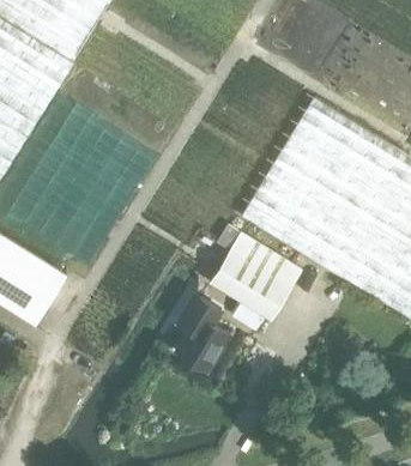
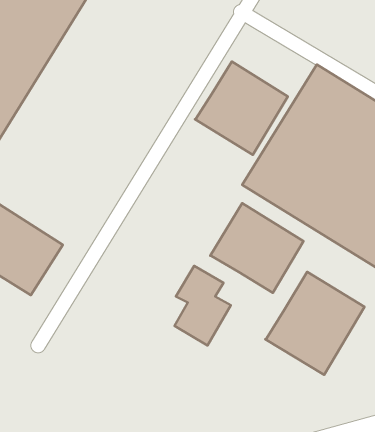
building: none -> [195,61,288,155]
building: none -> [265,272,364,375]

